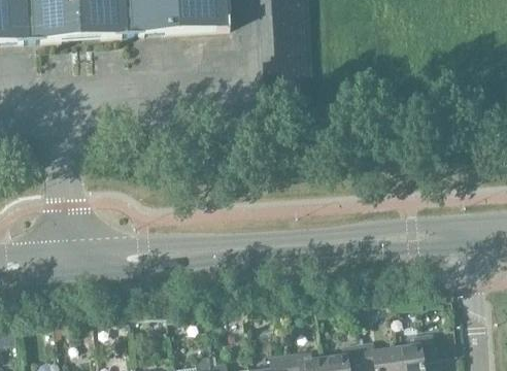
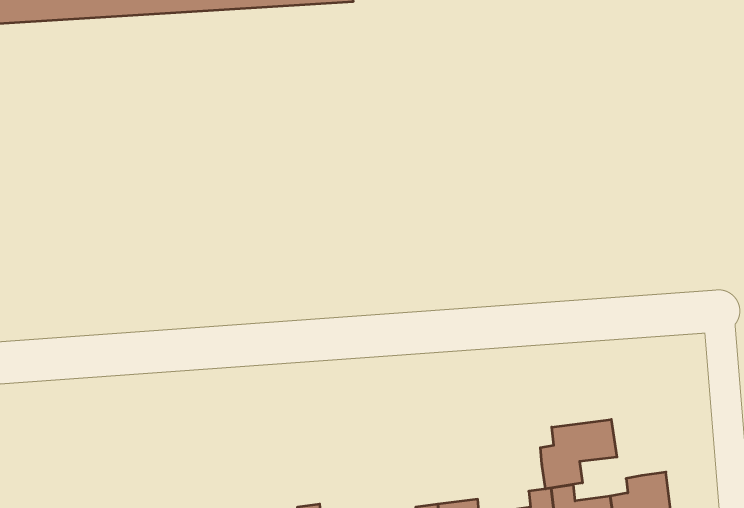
building: none -> [540,419,617,489]

